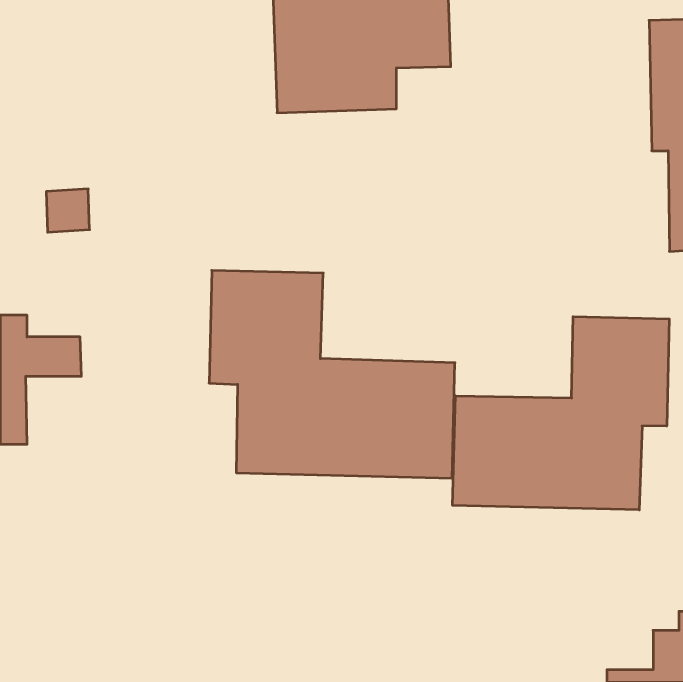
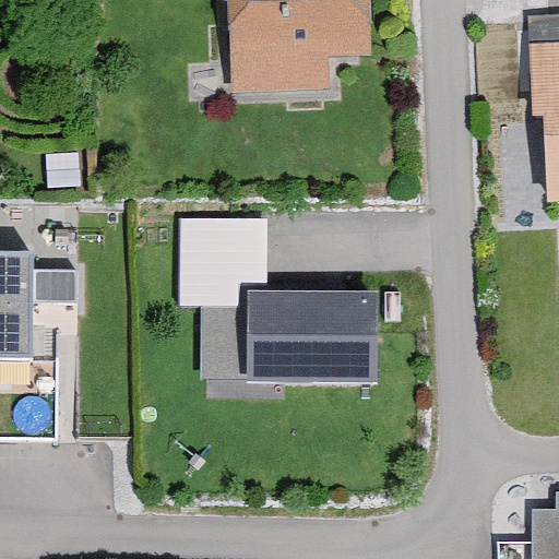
building: [453,317,669,510] -> none

